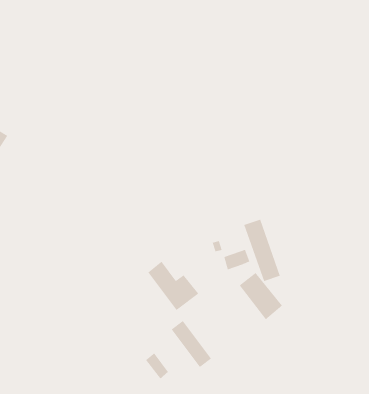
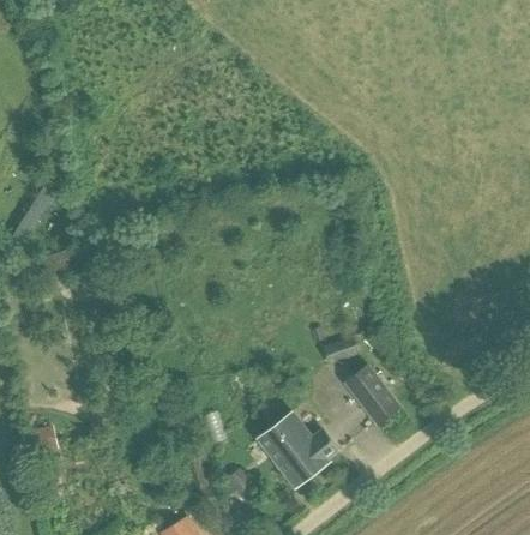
building: [244,219,281,282] -> none
building: [147,261,199,311] -> [276,411,341,474]

